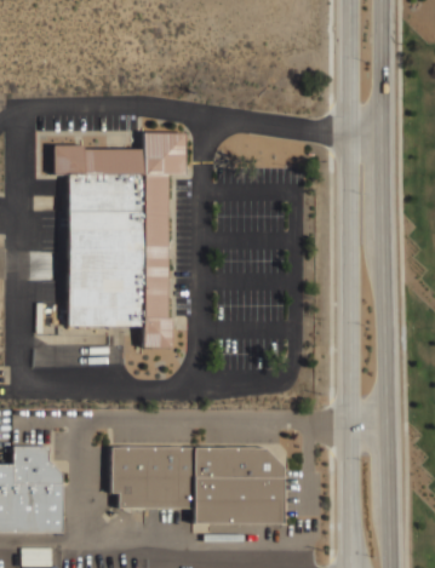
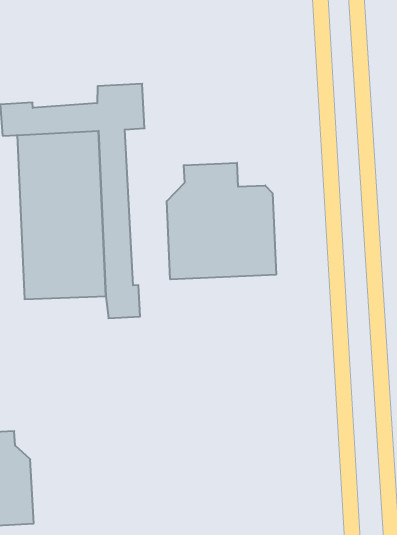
building: none -> [167,163,276,279]
building: [111,448,287,526] -> none

